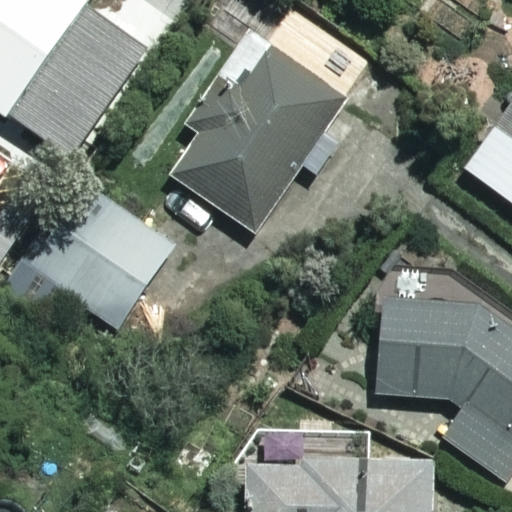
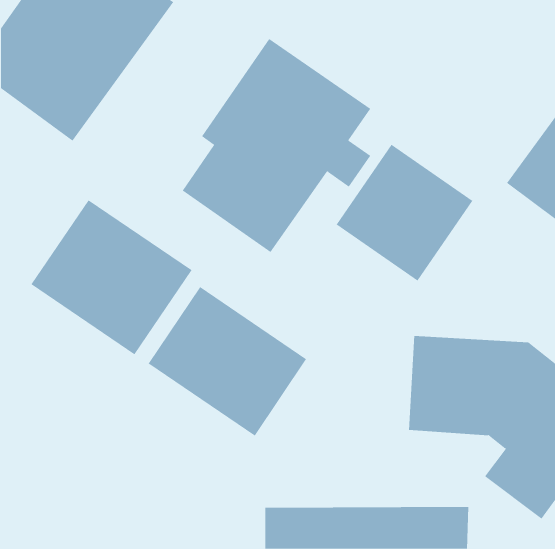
building: none -> [336,144,473,281]
building: none -> [148,286,307,436]

